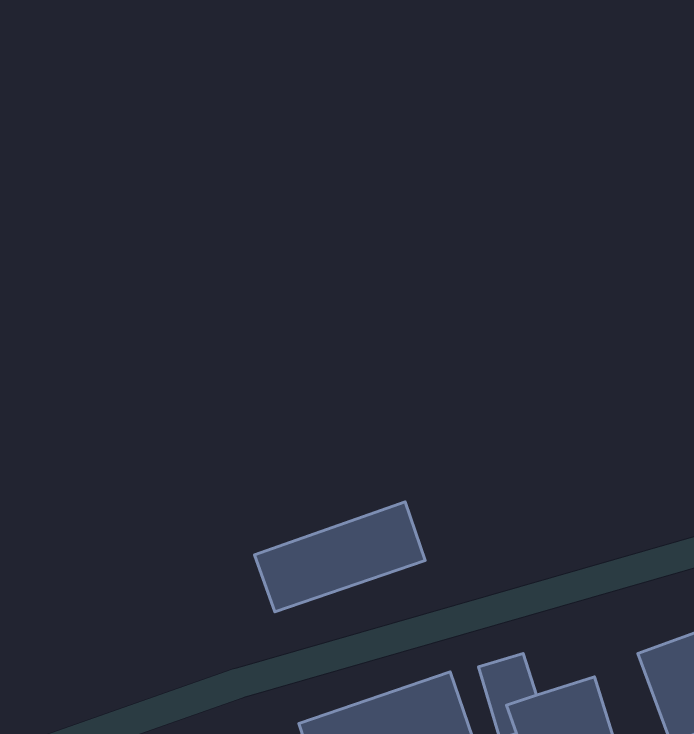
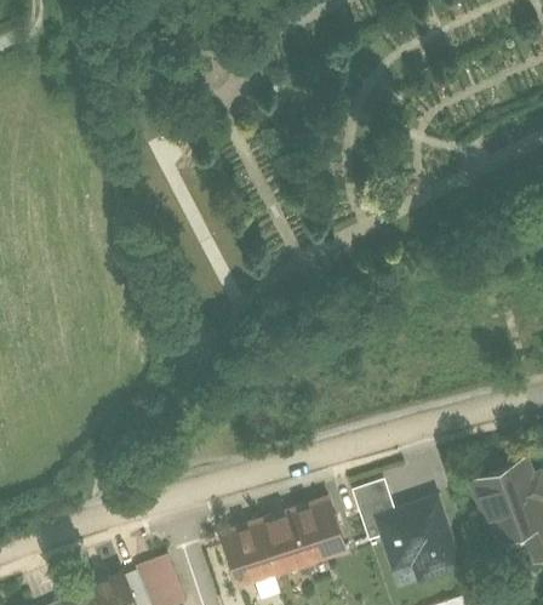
building: [254,502,425,612] -> none

